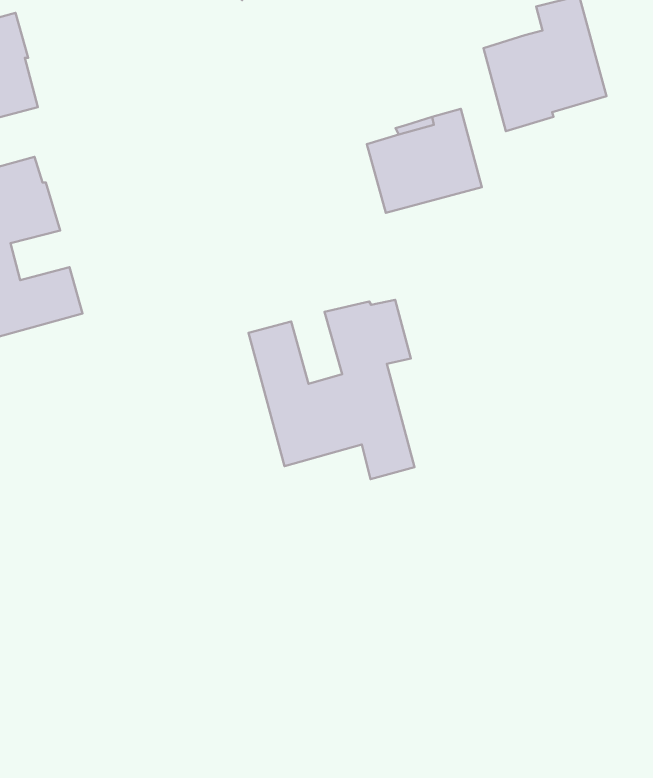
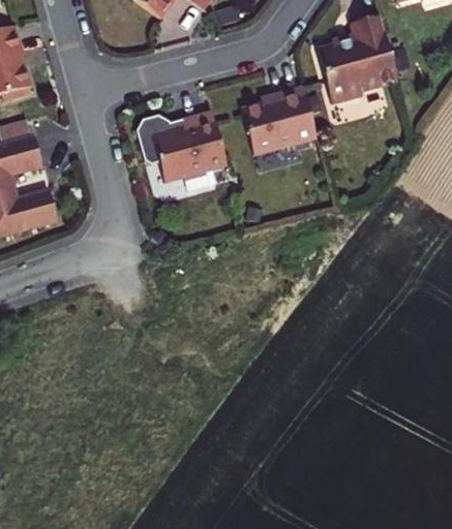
building: none -> [138,111,228,190]
building: [248,300,414,479] -> none

